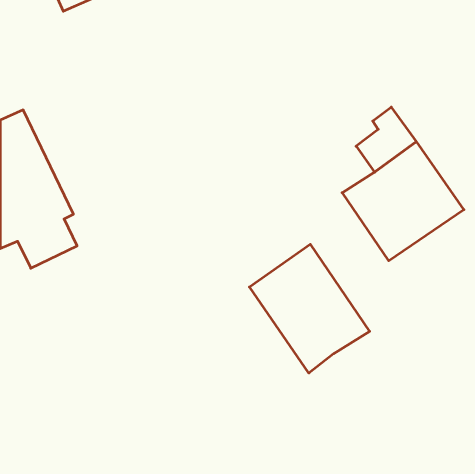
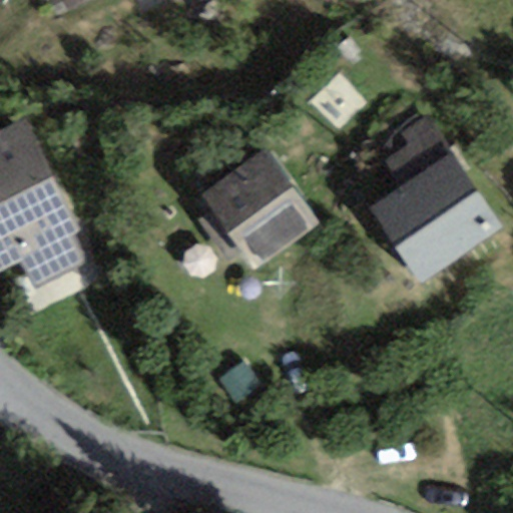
building: none -> [199,146,321,271]
building: [249,244,370,373] -> none

